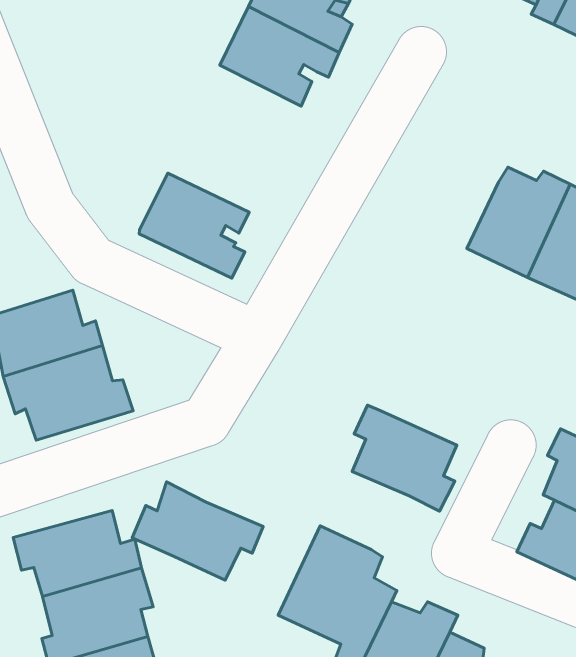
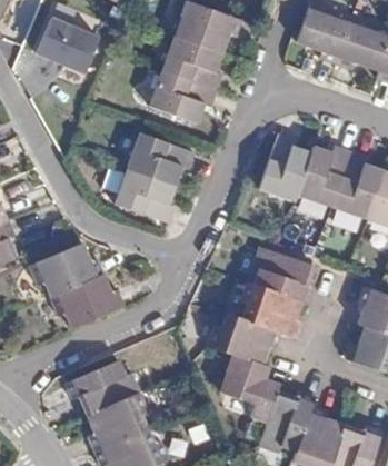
building: none -> [128,135,195,187]
building: none -> [262,136,312,202]
building: none -> [260,250,319,306]
building: [132,482,263,580] -> [210,316,282,367]

